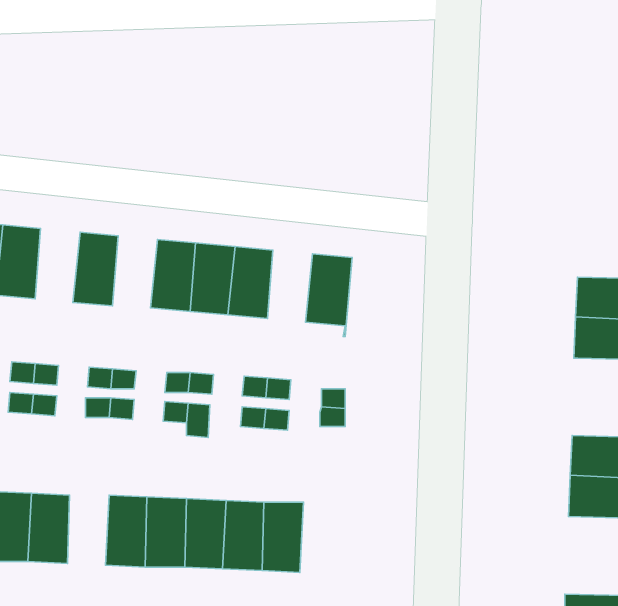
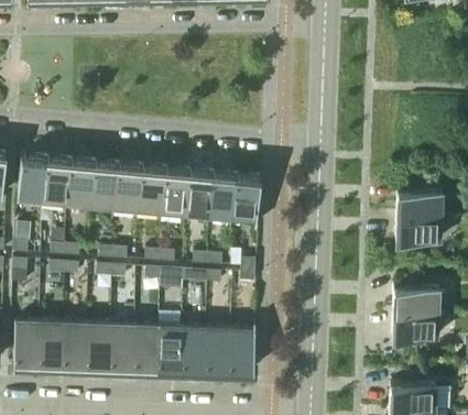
building: none -> [66,162,94,207]
building: none -> [113,166,141,210]
building: none -> [208,175,236,219]
building: none -> [228,324,254,373]
building: none -> [86,325,111,368]

